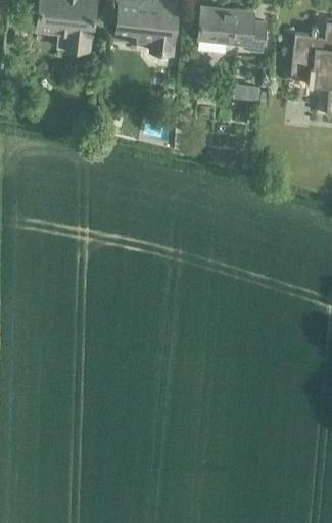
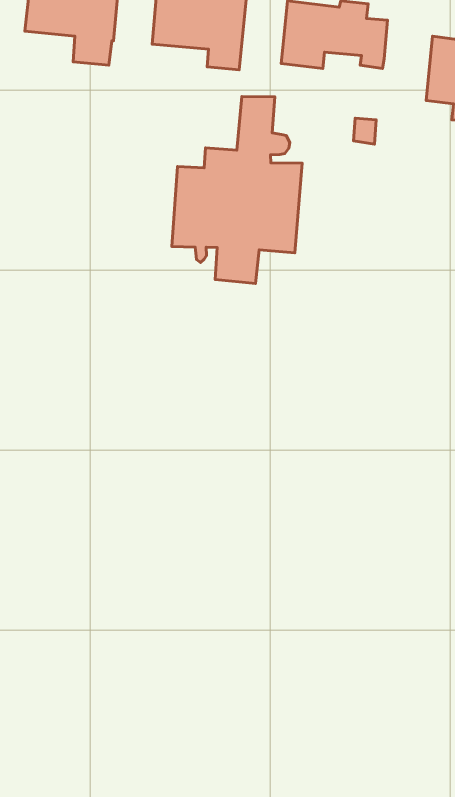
building: none -> [172,96,302,283]

